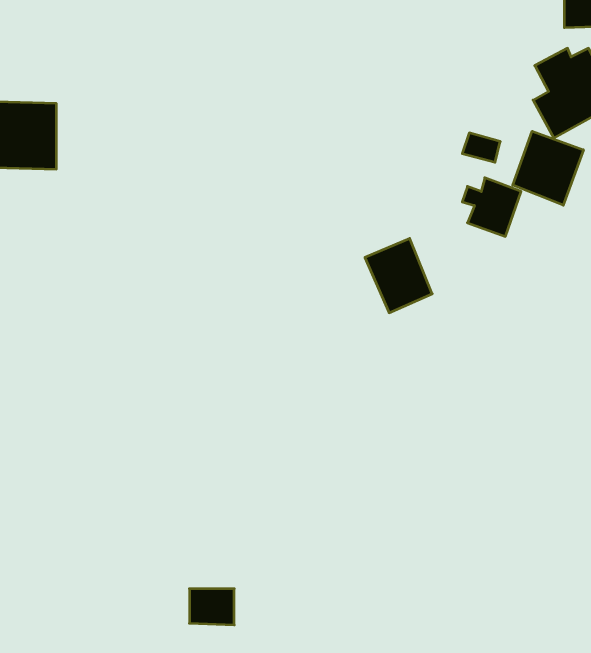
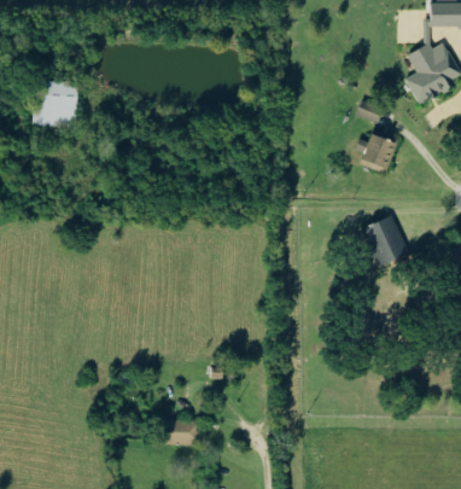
building: [513,131,583,205] -> none
building: [365,238,432,313] -> [362,215,409,267]

